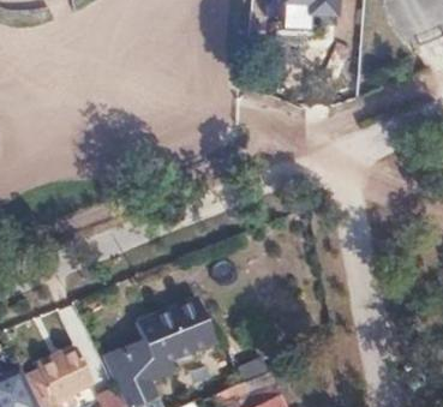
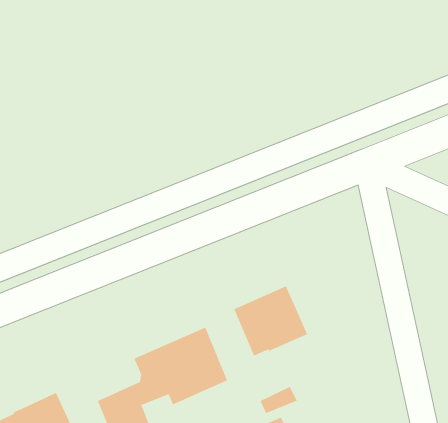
building: none -> [233,285,308,357]

